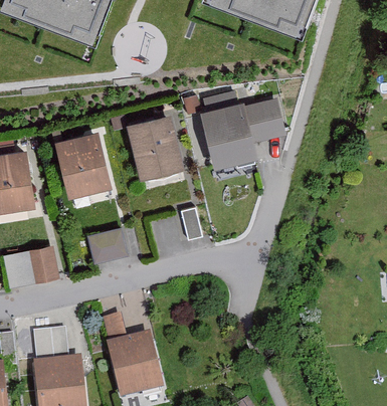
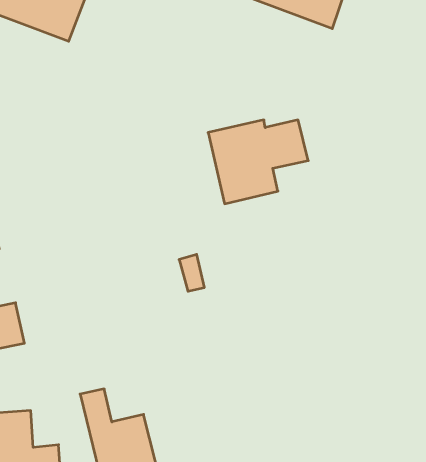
building: [129,114,185,177] -> none
building: [53,130,112,196] -> none
building: [85,227,124,259] -> none

